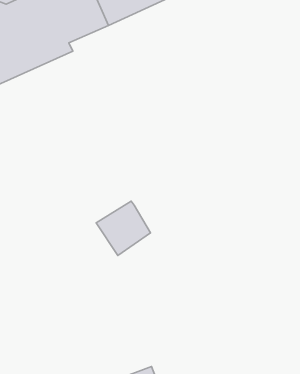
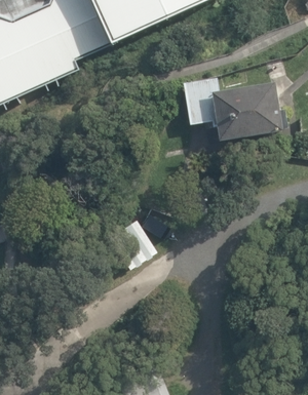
building: none -> [182,77,282,142]

